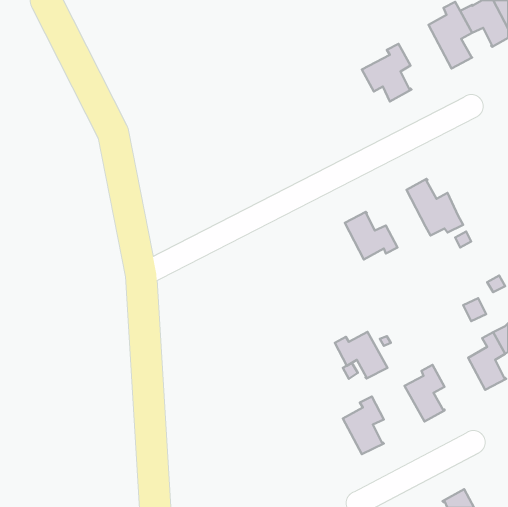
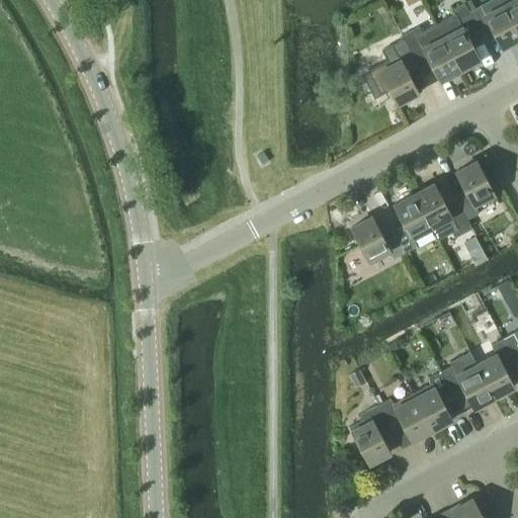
building: none -> [402,26,459,82]
building: none -> [454,161,496,221]
building: none -> [393,194,433,253]
building: [335,332,388,379] -> [378,394,432,441]
building: none -> [440,365,494,409]

